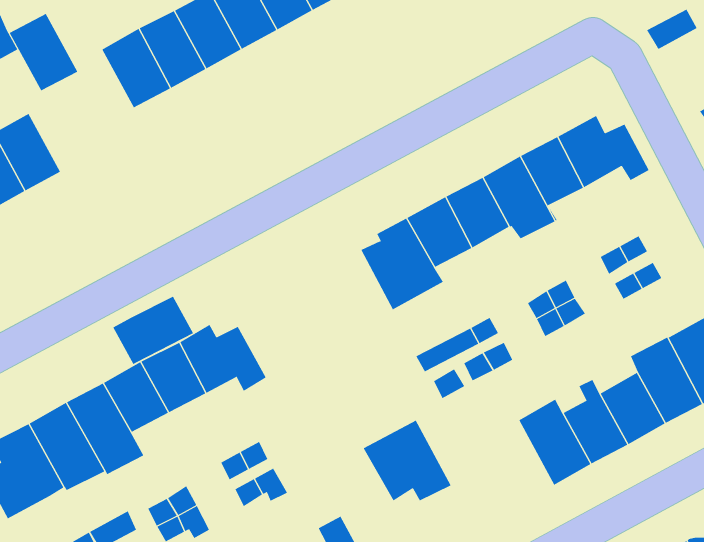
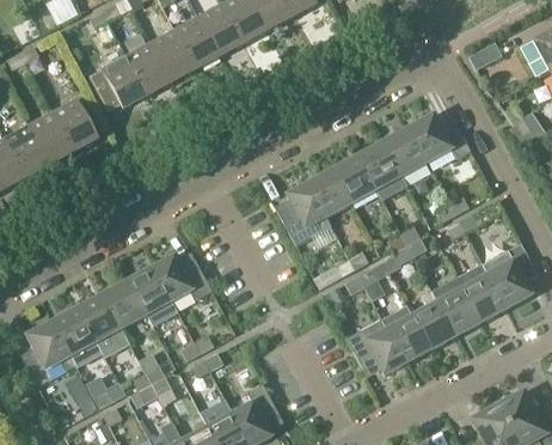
building: [9,13,78,91] -> [51,99,98,152]
building: [113,296,194,365] -> none
building: [363,420,452,501] -> [345,319,405,374]

